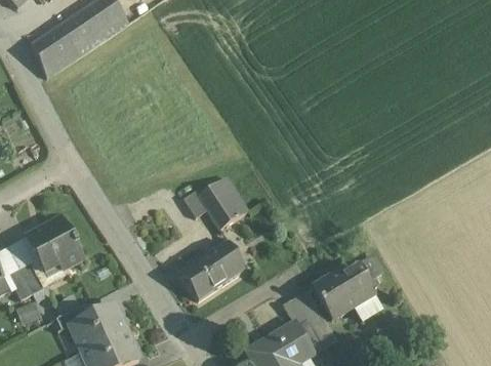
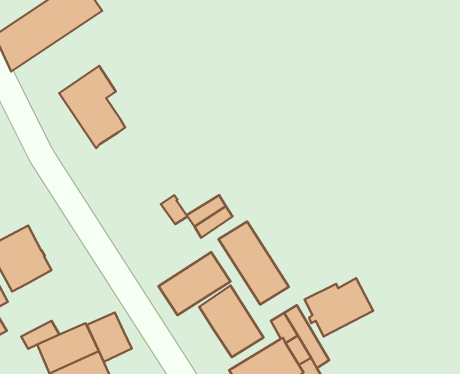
building: none -> [59,66,125,148]
building: [197,175,236,208] -> none
building: none -> [219,221,289,304]
building: none -> [199,286,264,357]
building: none -> [87,313,132,362]

